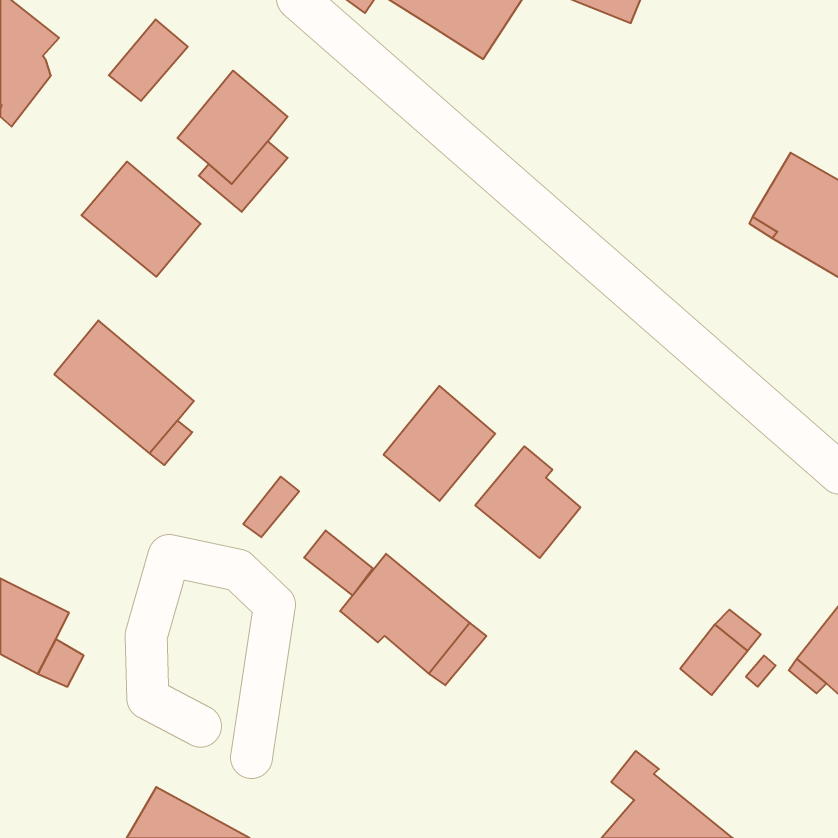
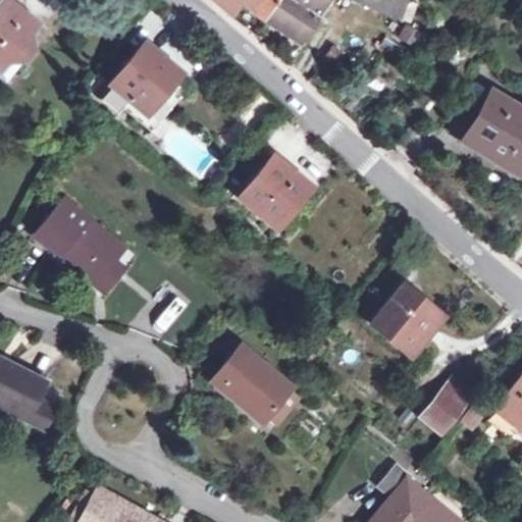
building: [109,19,188,101] -> none
building: [81,162,201,277] -> none
building: [384,386,495,501] -> [241,155,310,226]
building: [475,446,580,558] -> [371,285,436,355]
building: [304,530,373,595] -> none

